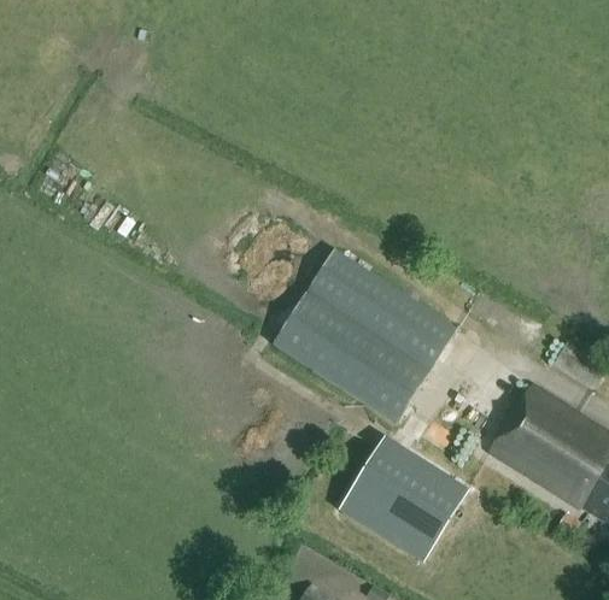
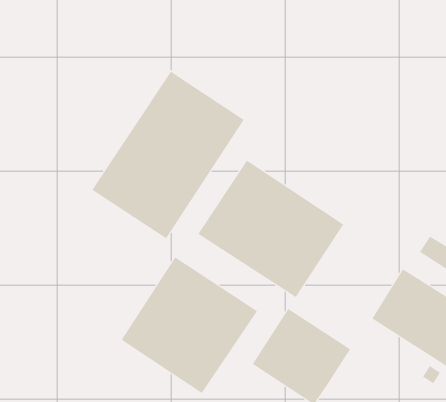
building: none -> [91,71,244,239]
building: none -> [121,256,258,394]

